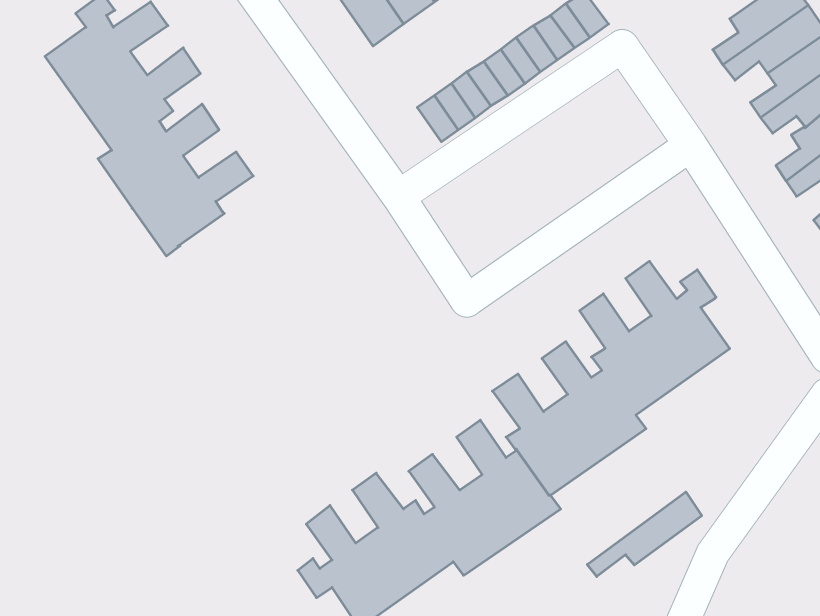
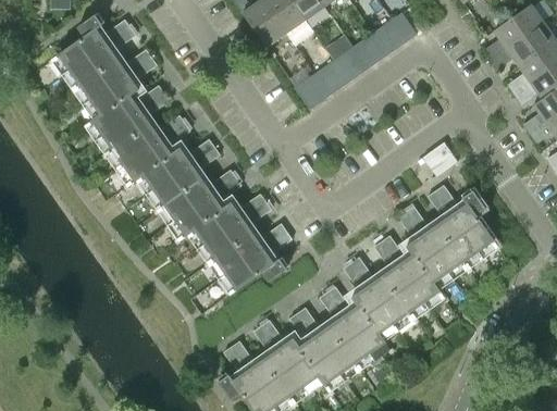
building: none -> [143,138,292,289]
building: [587,492,702,577] -> none

